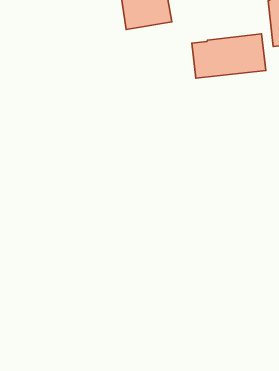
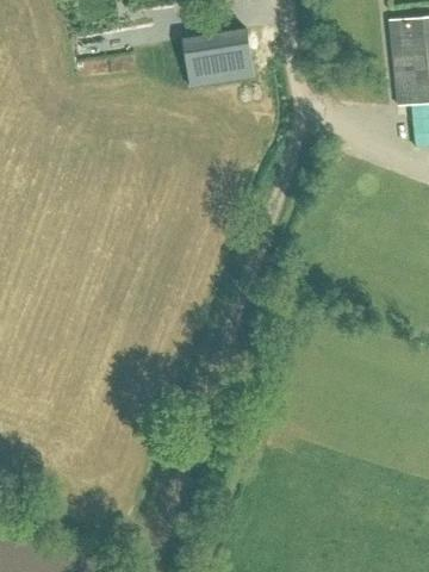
building: [192,34,266,78] -> none

